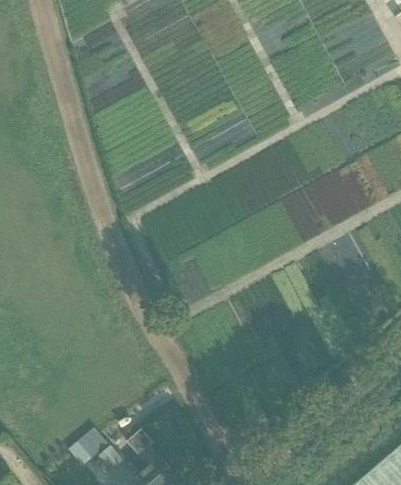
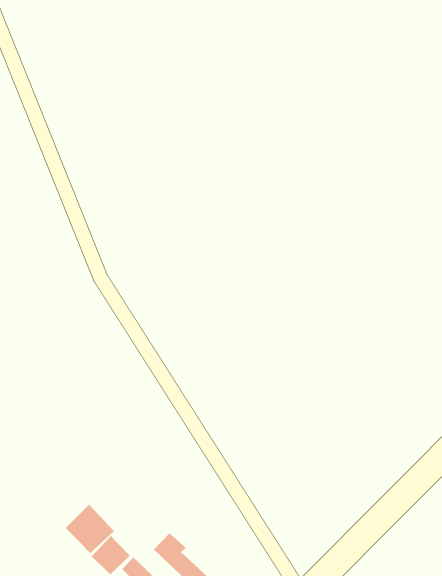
building: none -> [65,504,115,554]

